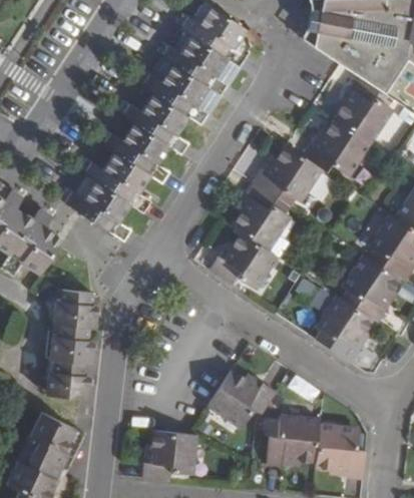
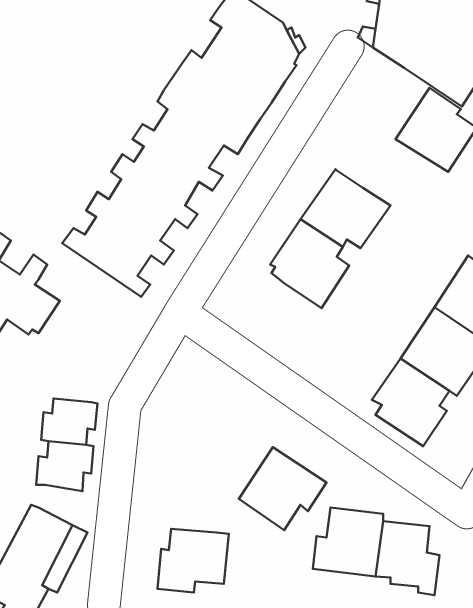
building: [305,117,373,177] -> none
building: [210,232,280,292] -> none
building: [50,289,96,328] -> none

